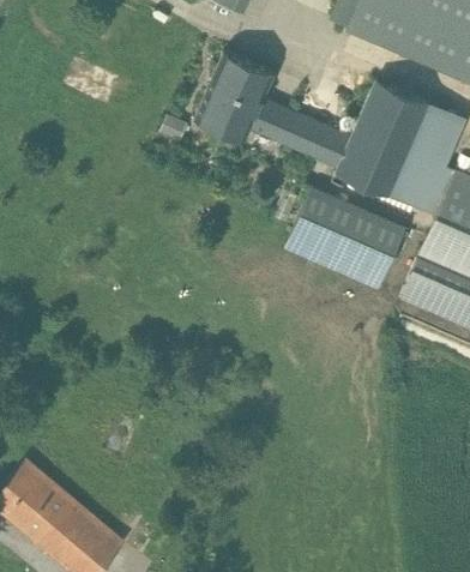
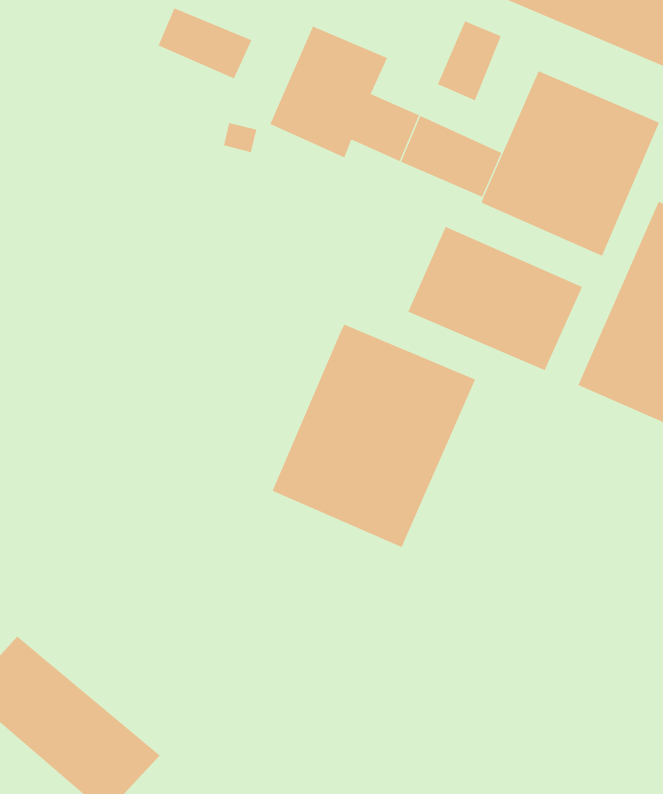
building: none -> [158,7,252,79]
building: none -> [437,20,501,101]
building: none -> [272,324,476,548]

